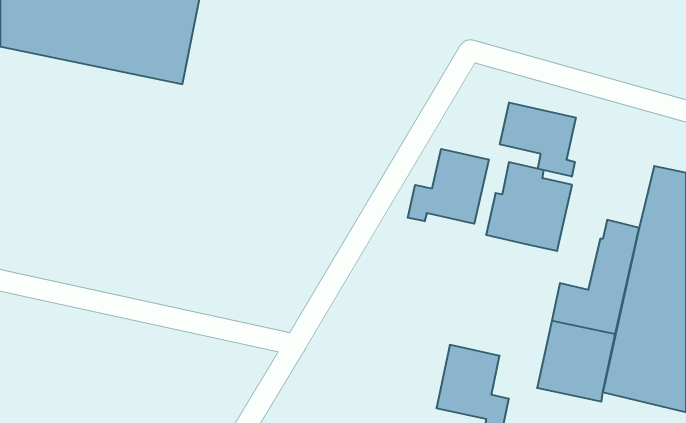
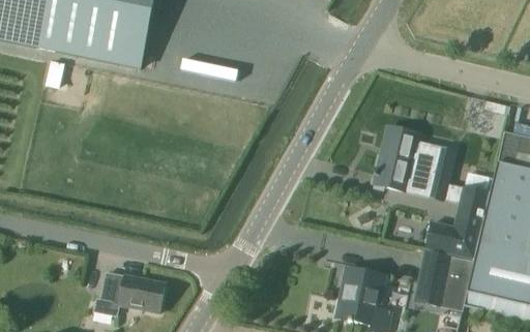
building: [500,102,576,177] -> none
building: [408,149,489,224] -> none
building: none -> [93,272,166,318]

